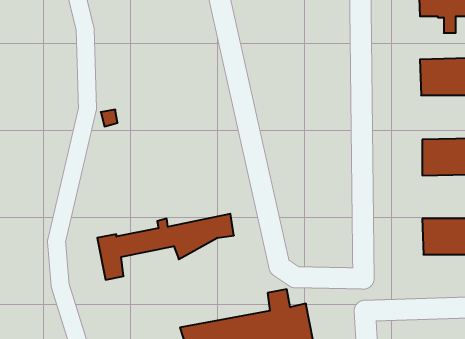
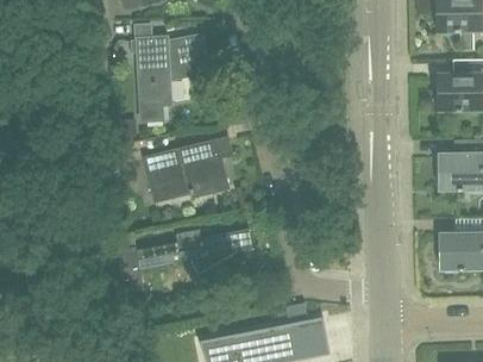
building: none -> [131,23,211,119]
building: none -> [145,138,231,199]

